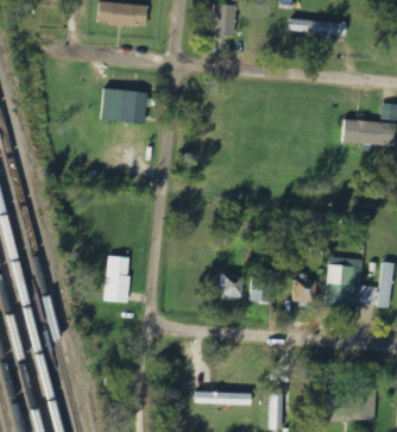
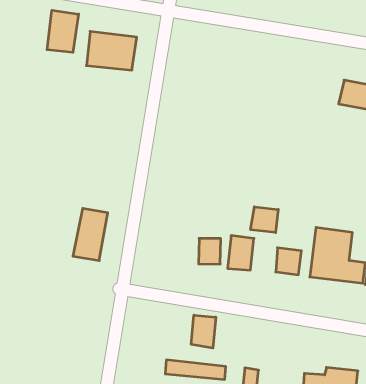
building: none -> [47,10,79,52]
building: none -> [251,207,278,233]
building: none -> [191,315,216,348]

